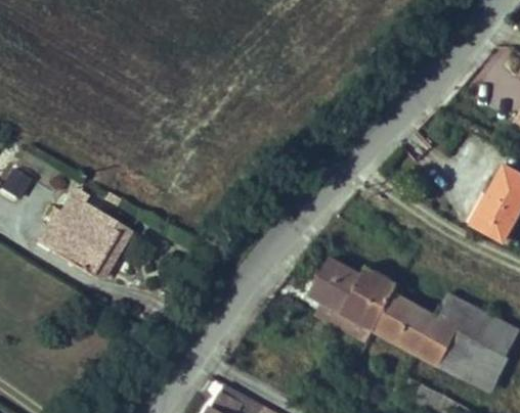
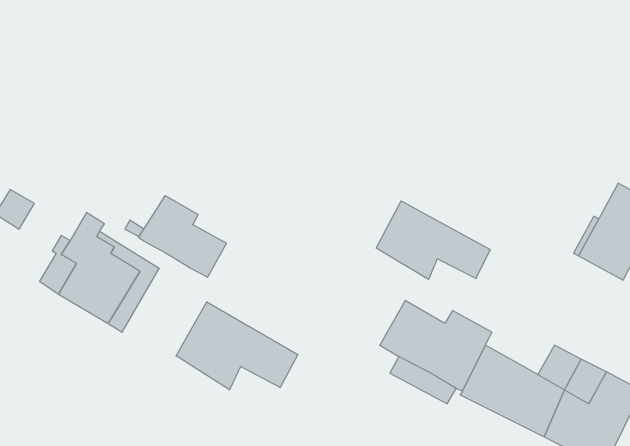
building: none -> [139,196,226,277]
building: none -> [376,201,490,279]
building: none -> [176,302,298,390]

